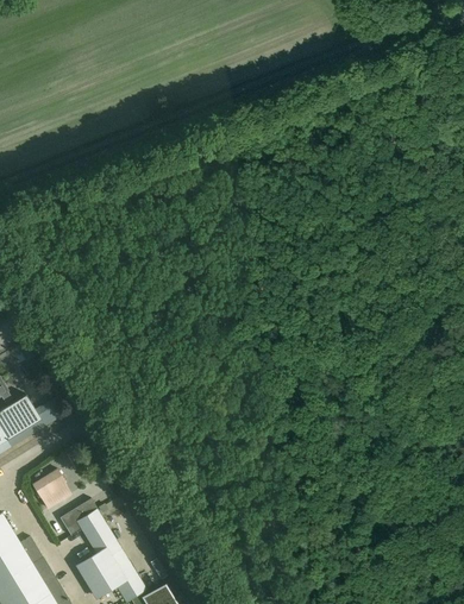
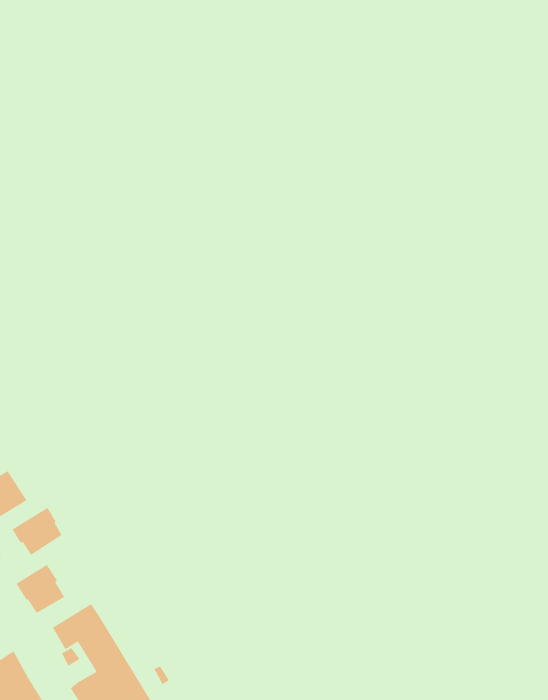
building: none -> [12,507,62,556]

